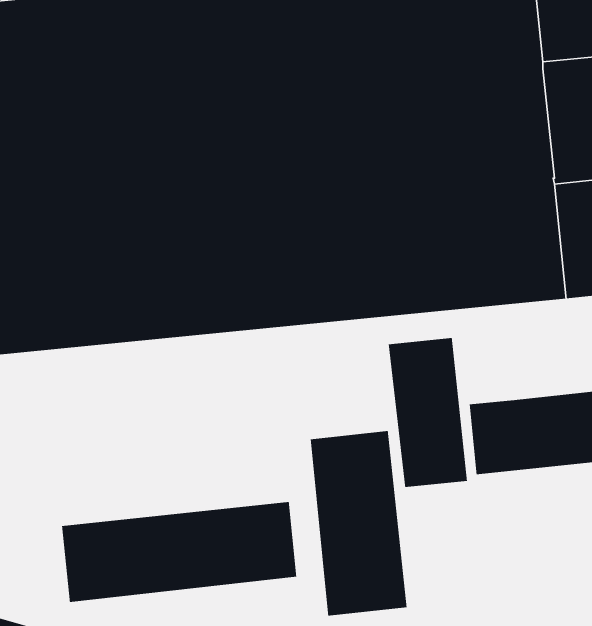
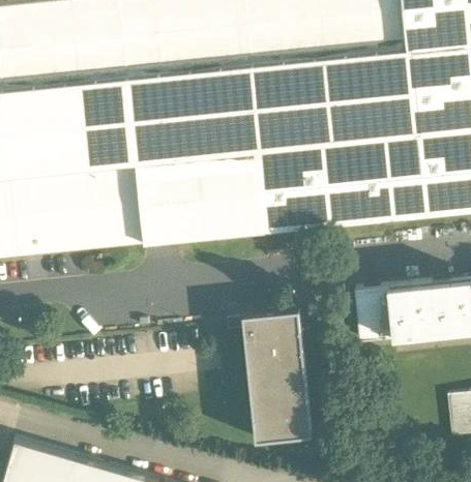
building: [388,337,468,488] -> none
building: [61,501,297,603] -> none

